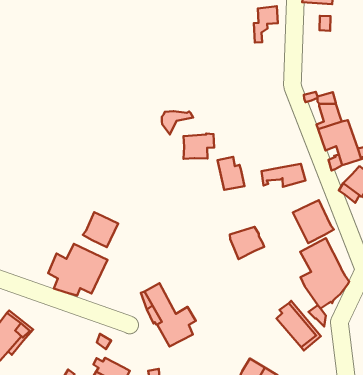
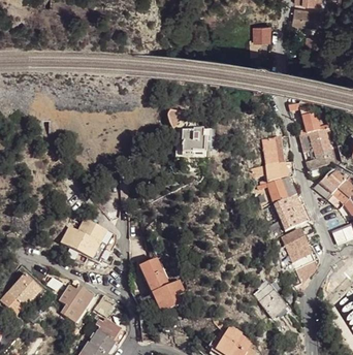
building: [218,157,244,190] -> [261,135,283,163]
building: [83,212,118,247] -> none
building: [230,227,264,259] -> [267,175,296,202]
building: none -> [59,284,94,322]

